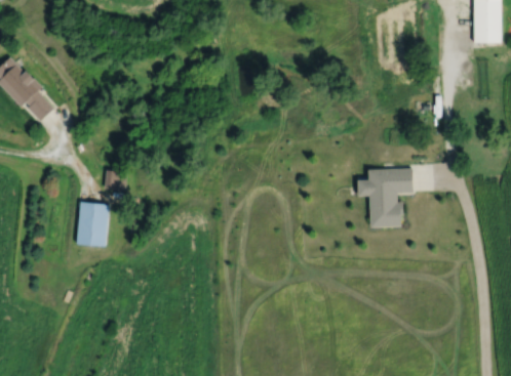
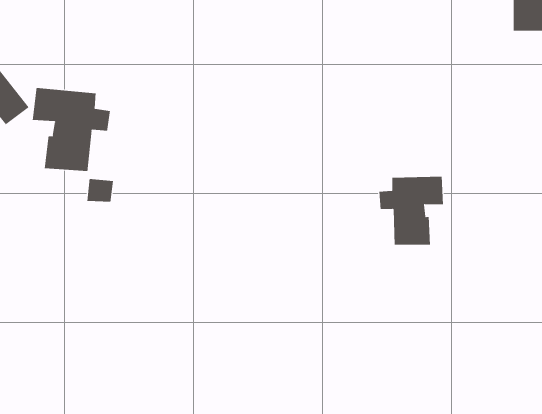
building: none -> [32,87,110,172]
building: [76,202,111,247] -> none

